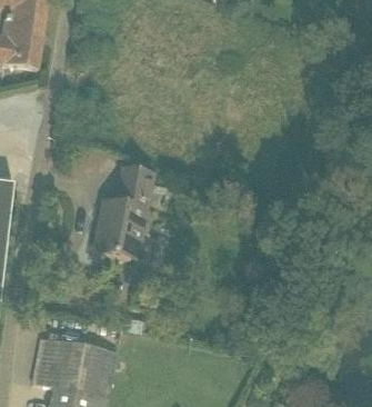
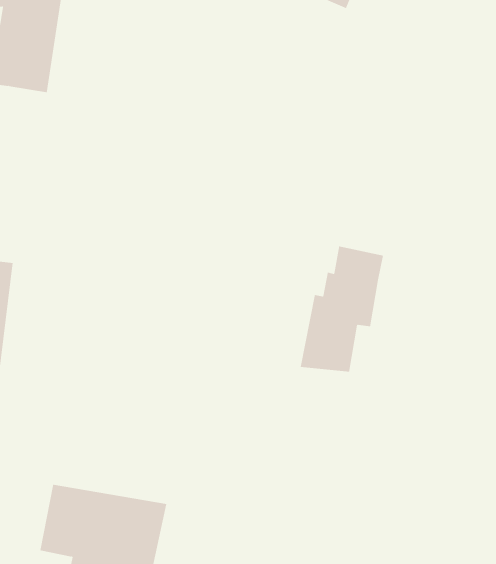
building: [97,168,154,255] -> [300,246,384,372]

